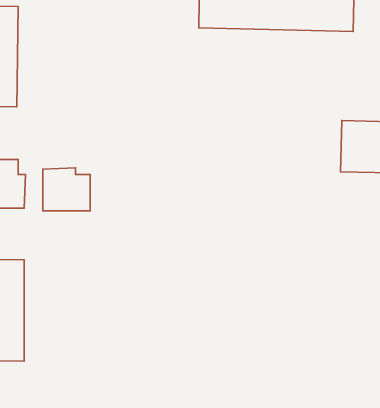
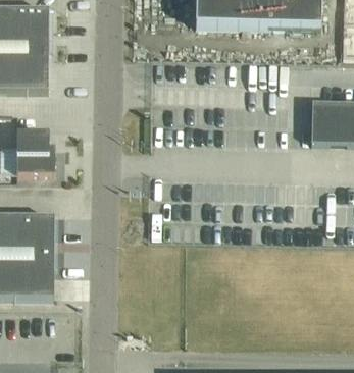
building: [43,168,90,211] -> none

